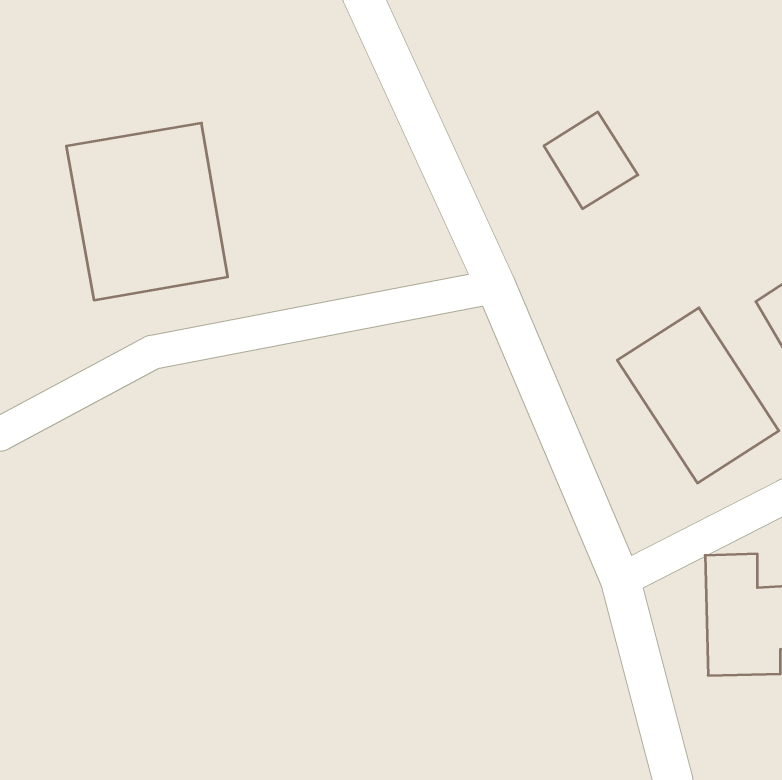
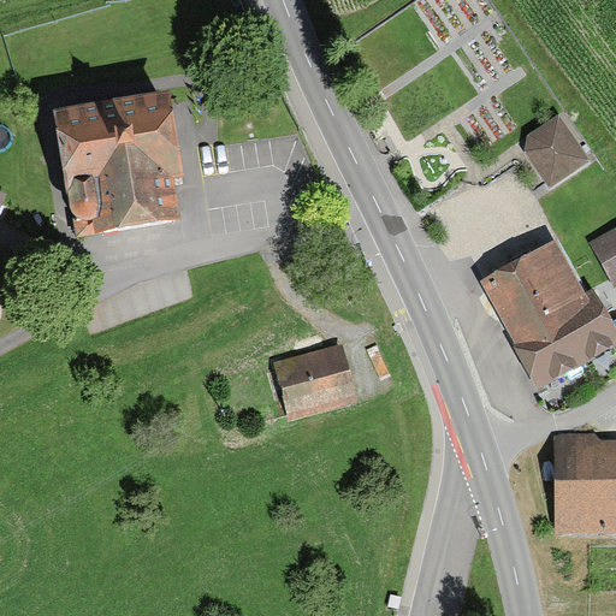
building: [544,112,638,209] -> [525,108,598,184]
building: none -> [267,344,353,424]

